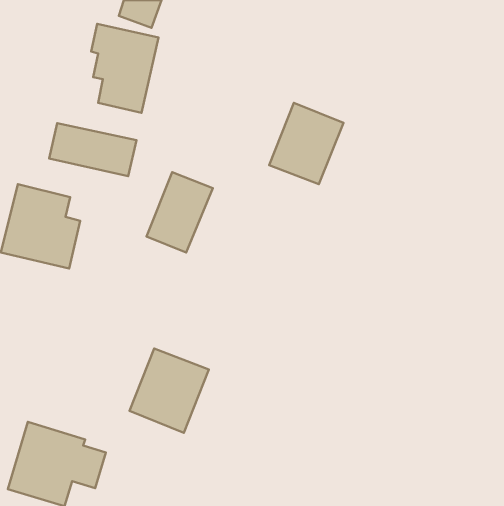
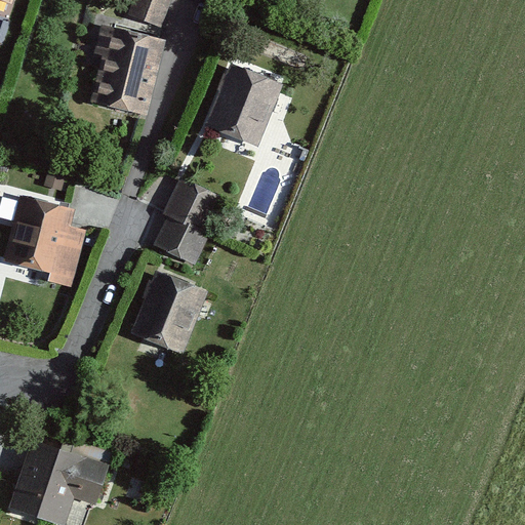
building: [269,103,343,184] -> [205,63,282,147]
building: [49,123,137,176] -> none
building: [129,349,209,433] -> [125,270,207,357]

